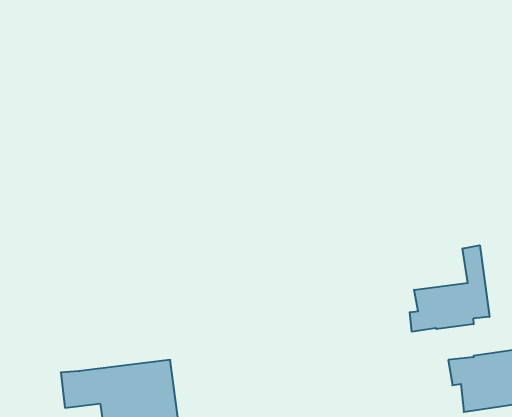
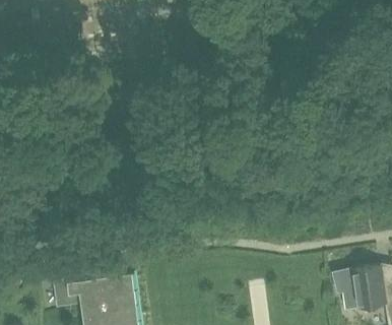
building: [410,245,489,332] -> none

